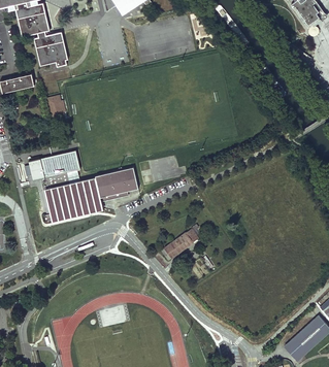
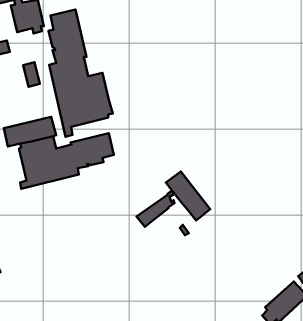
building: none -> [49,9,113,137]
building: none -> [166,172,210,221]

